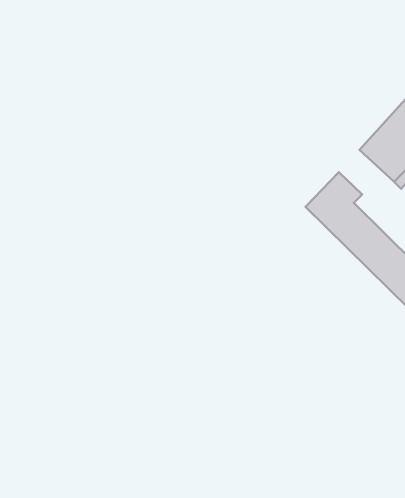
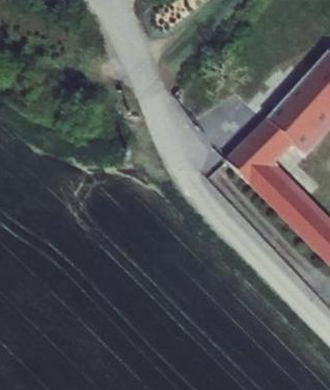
building: none -> [253,121,294,162]

